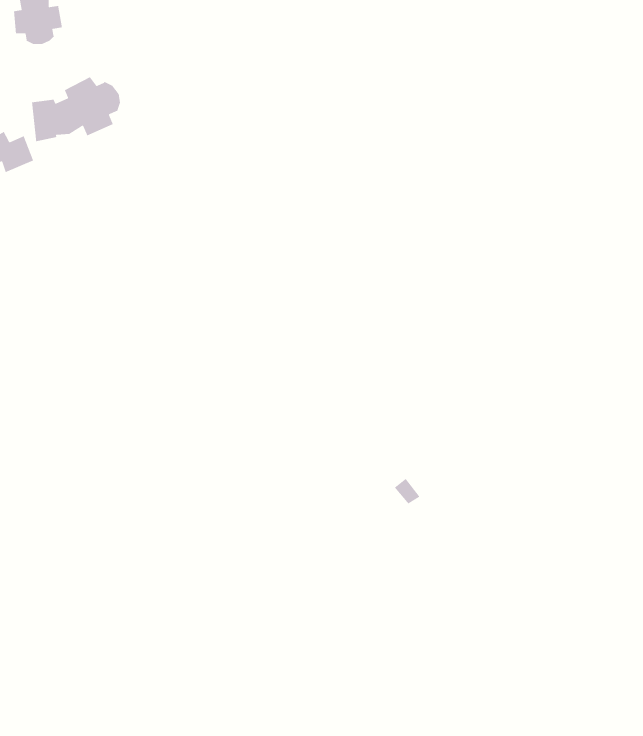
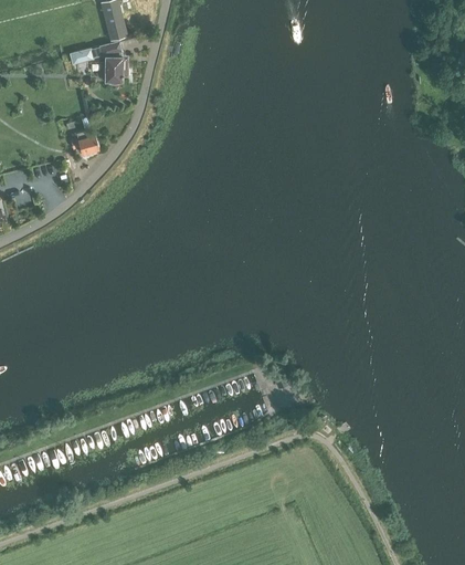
building: [31,76,121,142] -> none

